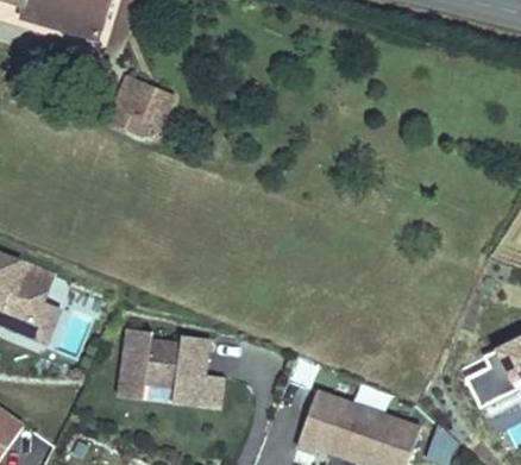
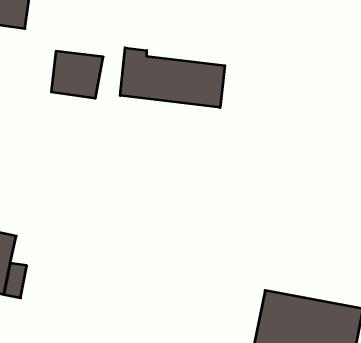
building: none -> [120,48,225,108]
building: [118,329,222,410] -> none

